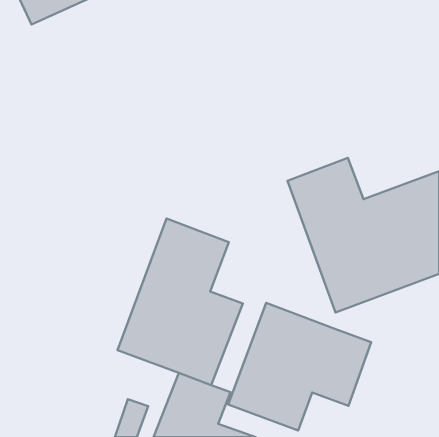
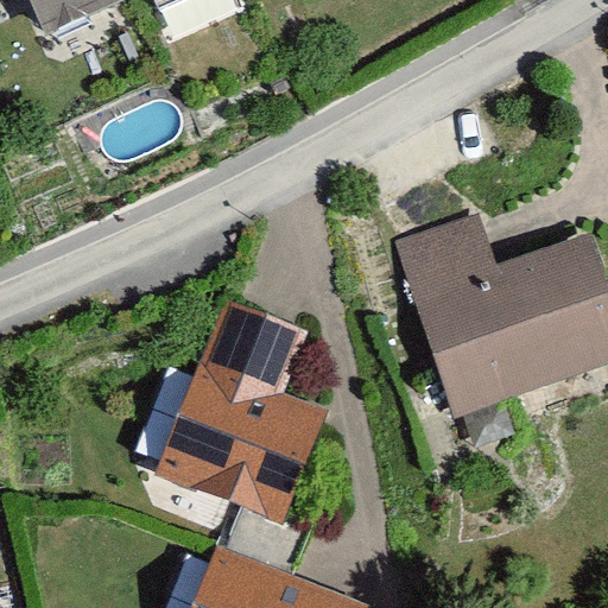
building: [228,303,371,430] -> none

